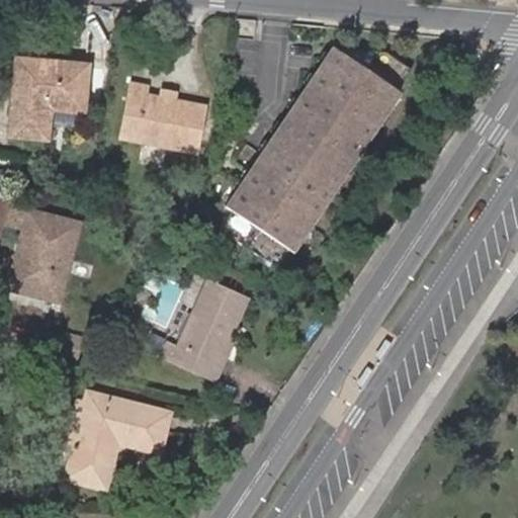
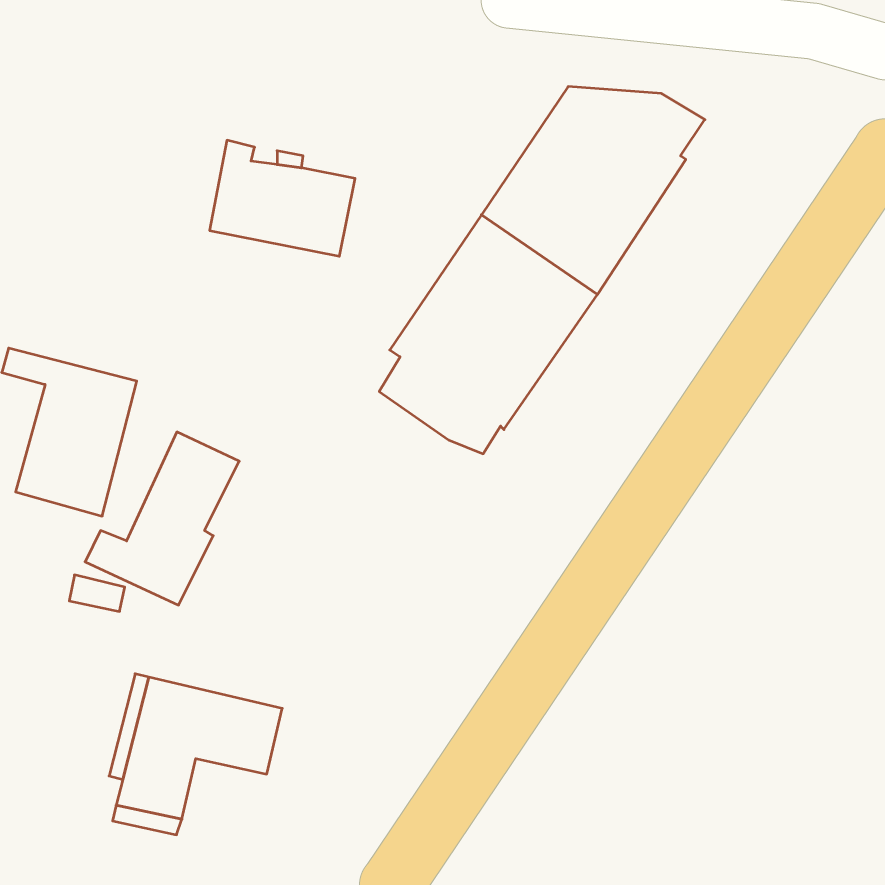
building: [9,56,90,136] -> none
building: [155,279,245,380] -> [85,432,239,605]

